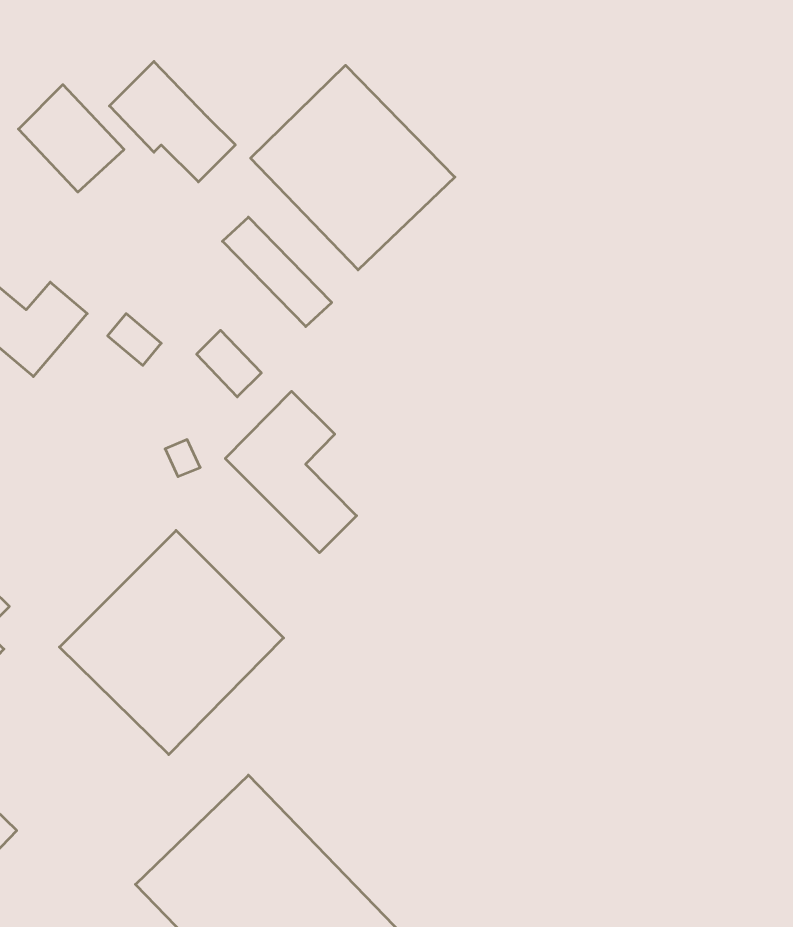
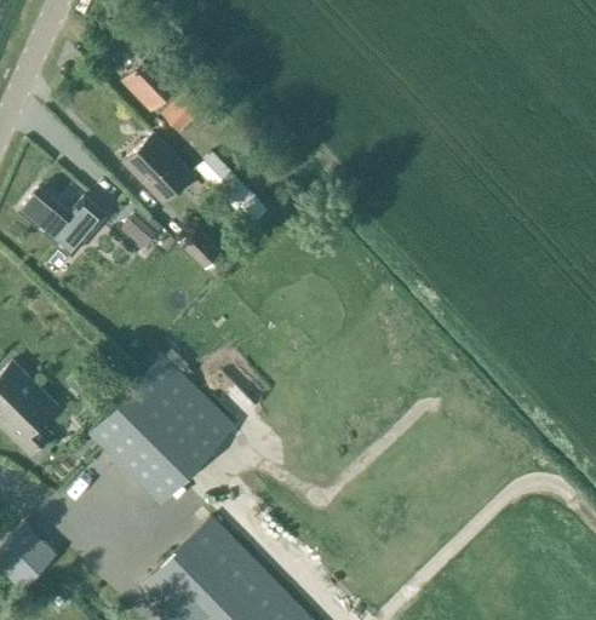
building: [251,65,455,270] -> none
building: [18,85,124,192] -> [124,134,193,205]
building: [225,391,357,553] -> none

